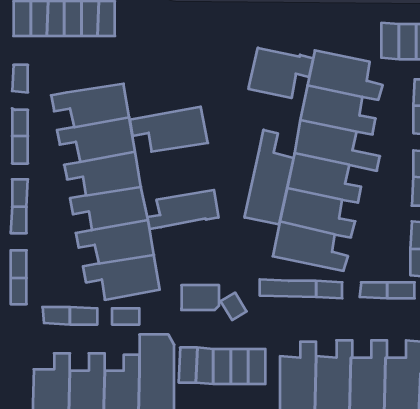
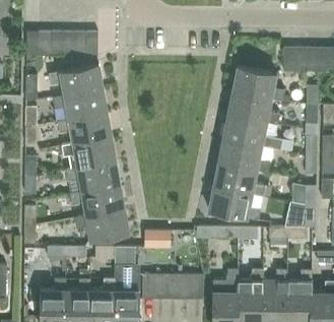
building: [249,48,313,98] -> none
building: [130,107,208,152] -> [48,64,103,95]
building: [245,130,294,225] -> none
building: [148,190,218,229] -> none

